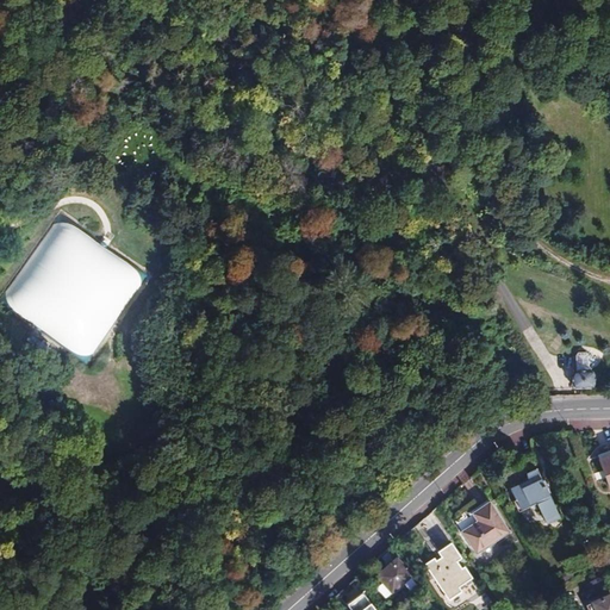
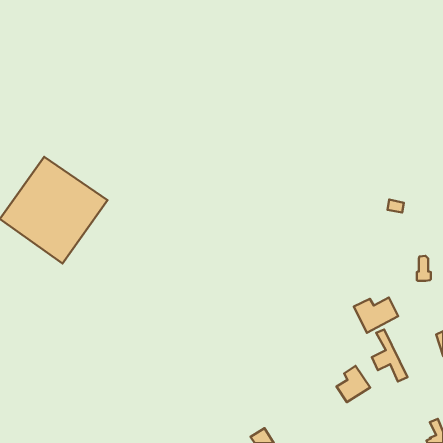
building: none -> [354,297,398,333]
building: [424,542,472,600] -> none
building: [376,559,411,592] -> none

